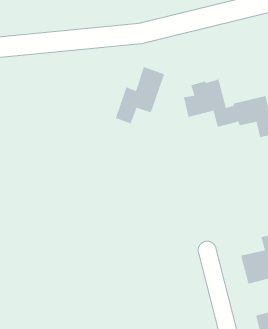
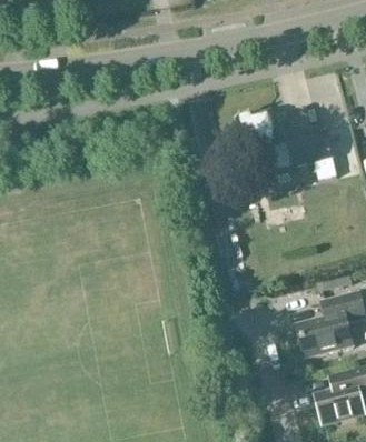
building: [115,66,165,124] -> none

